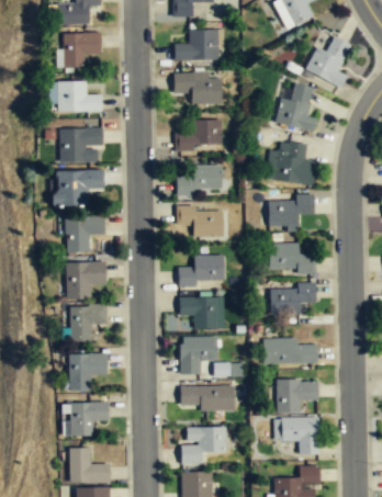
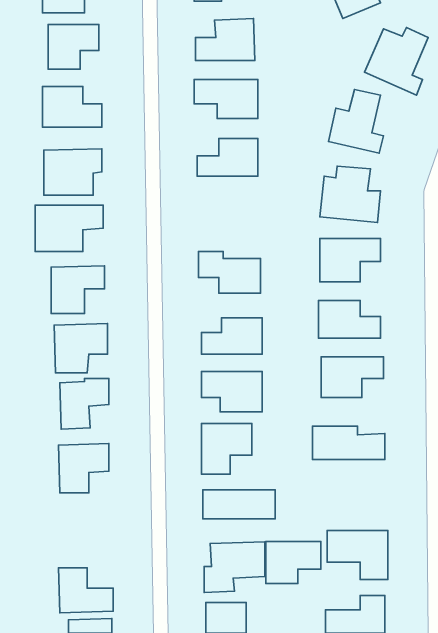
building: [177,167,223,197] -> none
building: [277,381,318,413] -> [266,542,321,584]
building: [71,400,111,434] -> none

